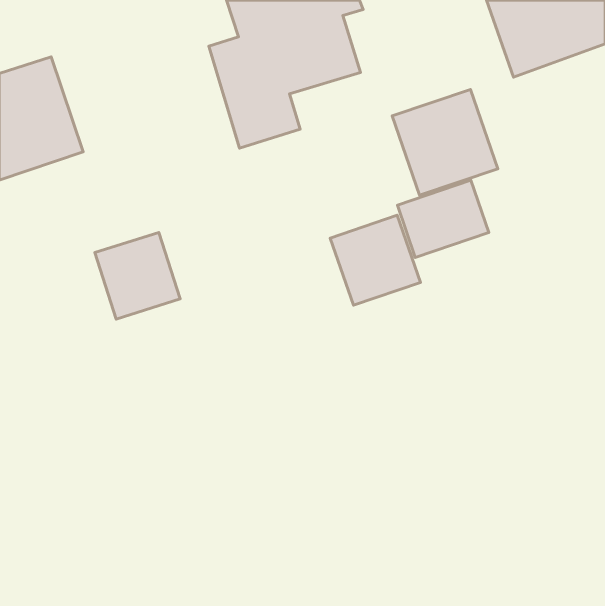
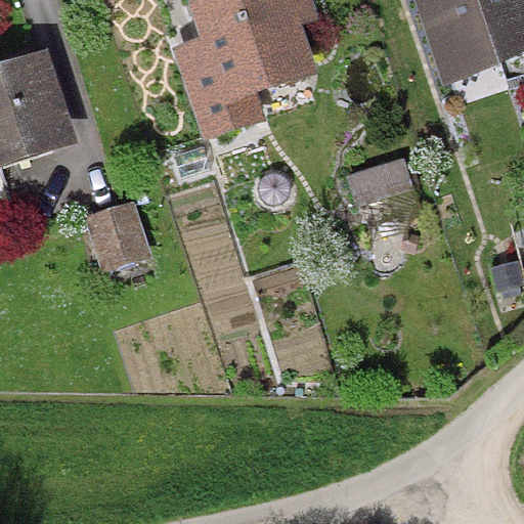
building: [392,89,498,195] -> none
building: [330,215,420,305] -> none

